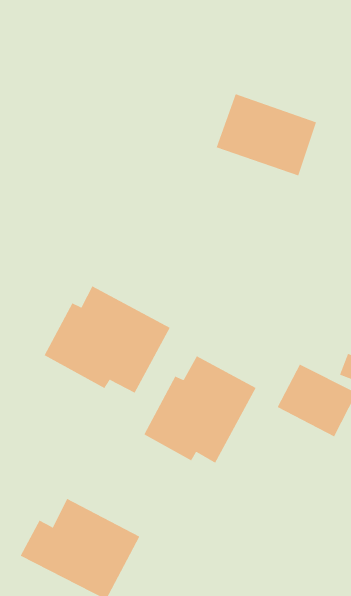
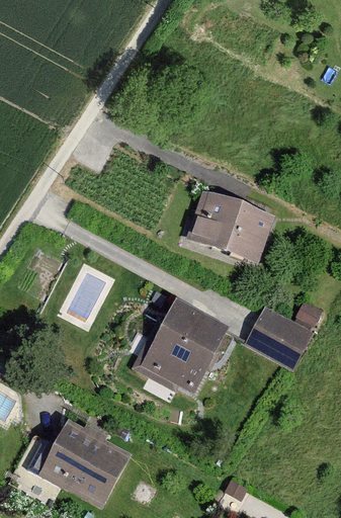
building: [216,93,317,176] -> [188,192,273,262]
building: [44,285,171,394] -> none

